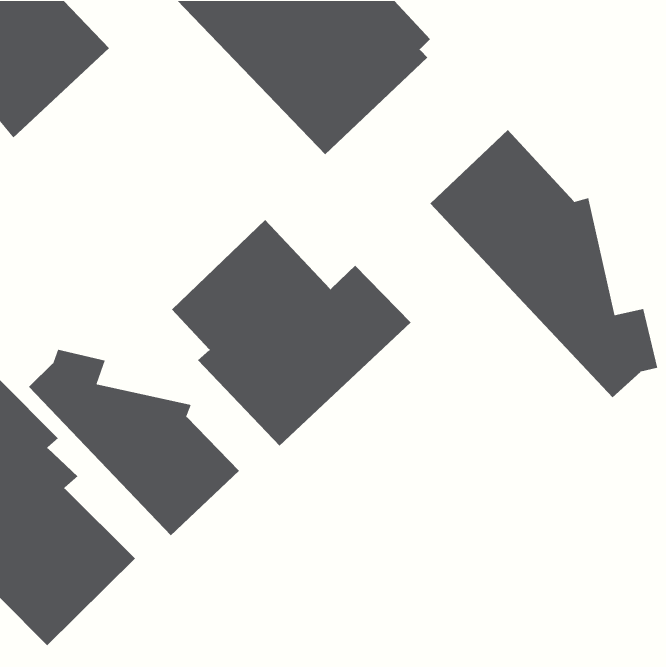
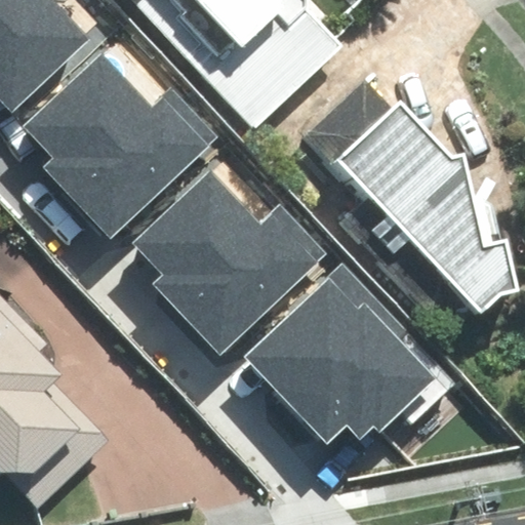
building: none -> [25,53,214,236]
building: none -> [242,262,454,444]
building: [28,349,240,536] -> none

